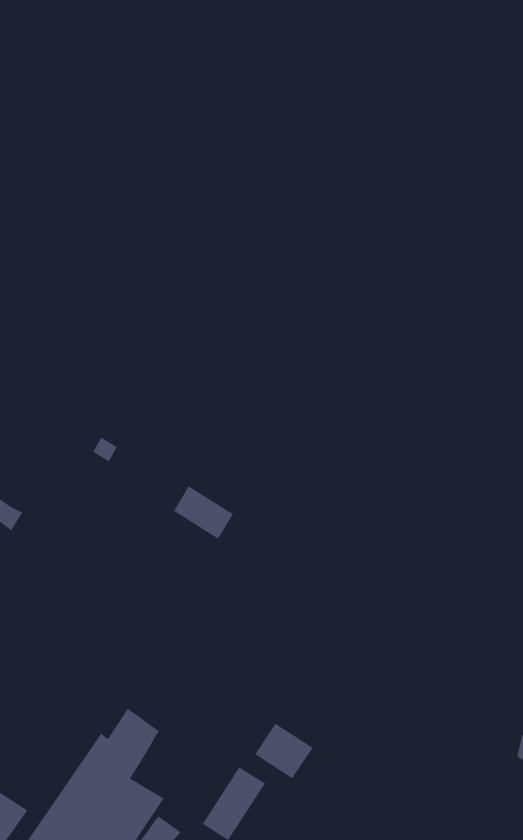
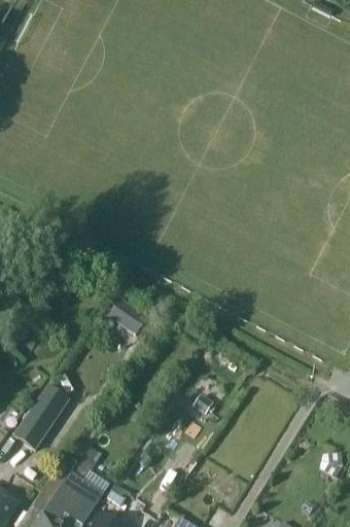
building: none -> [14,384,70,448]
building: [254,723,313,779] -> none

